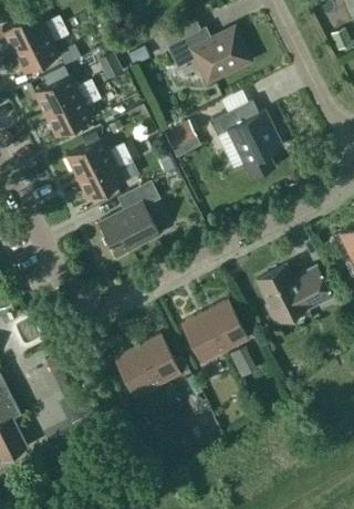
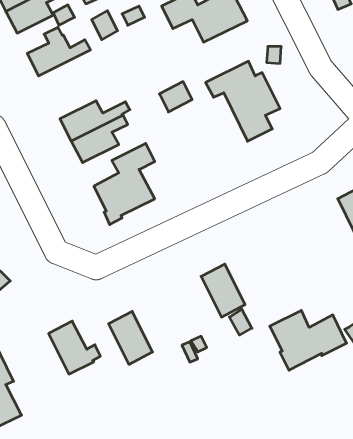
building: [45,90,101,137] -> none
building: [256,266,331,324] -> [270,310,347,370]
building: [180,312,225,364] -> none
building: [137,334,188,386] -> [49,321,100,374]

